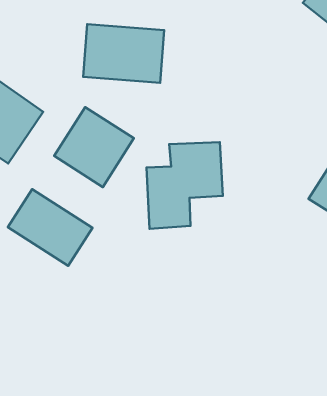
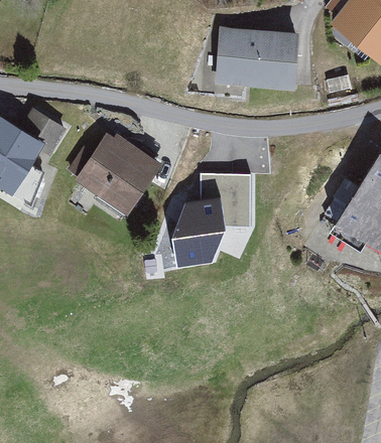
building: [83,24,164,83] -> [214,28,297,89]
building: [8,189,93,266] -> none

